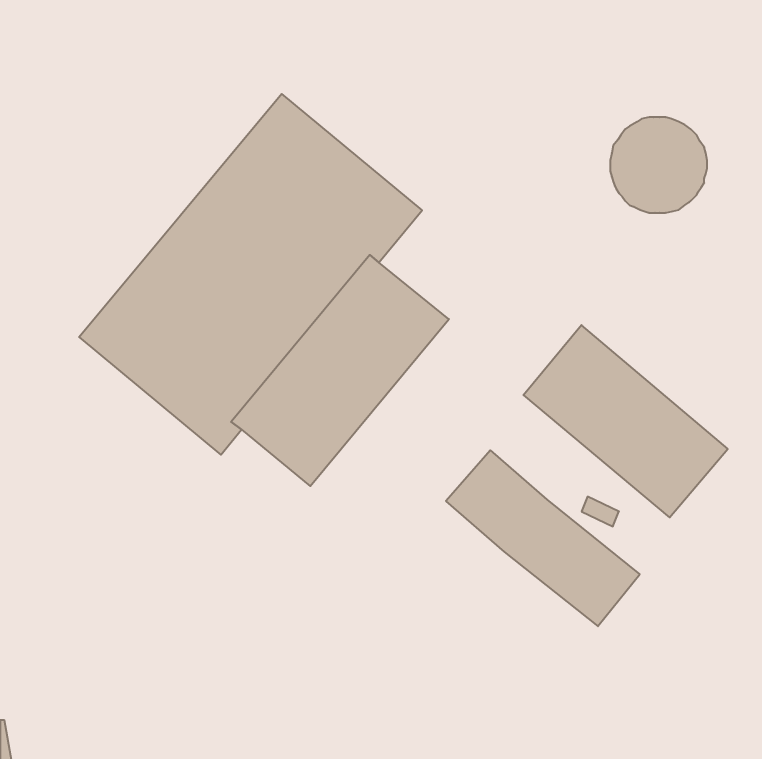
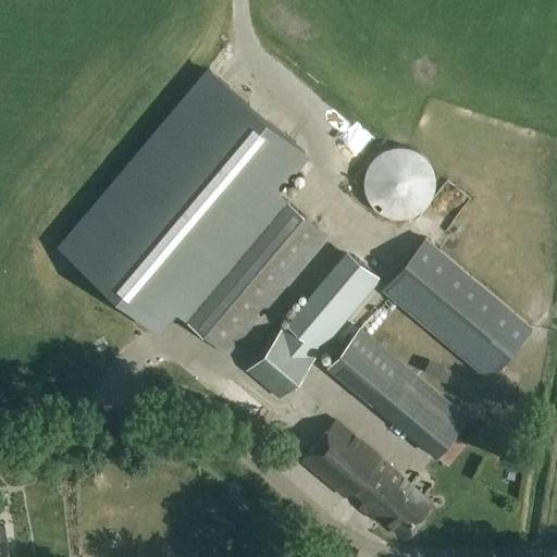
building: [610,117,707,213] -> [363,148,434,218]
building: none -> [245,249,382,400]
building: none -> [305,424,434,540]

